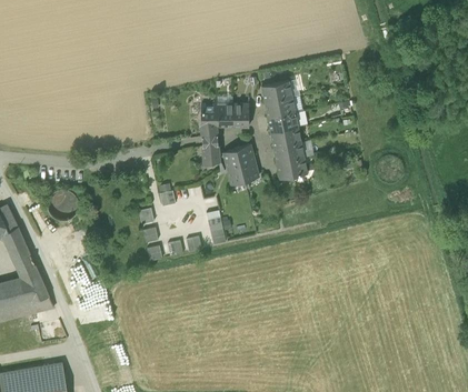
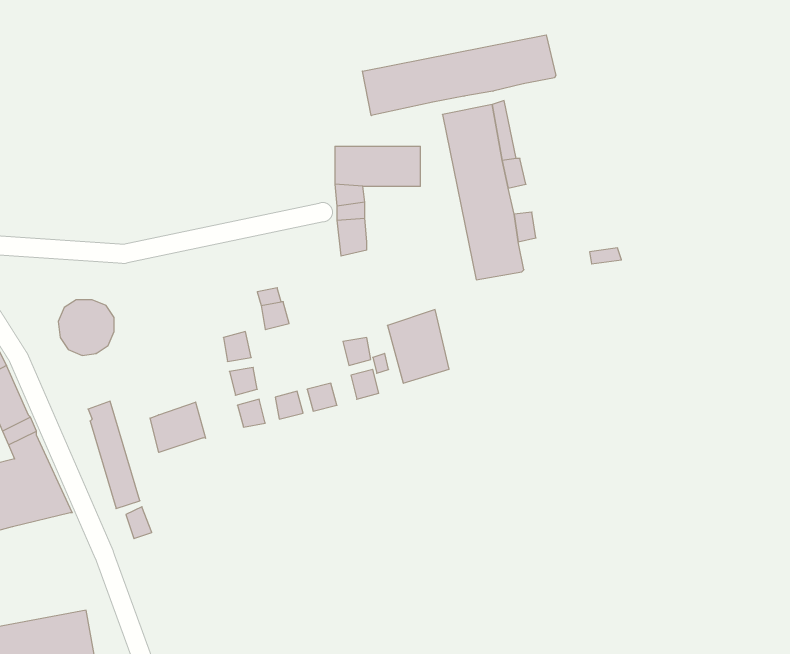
building: none -> [362,35,556,116]
building: [222,144,257,185] -> [387,310,449,383]
building: none -> [150,402,206,452]

